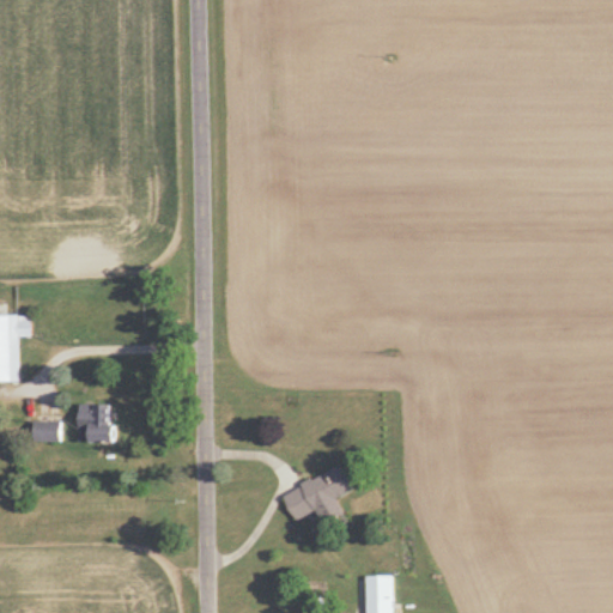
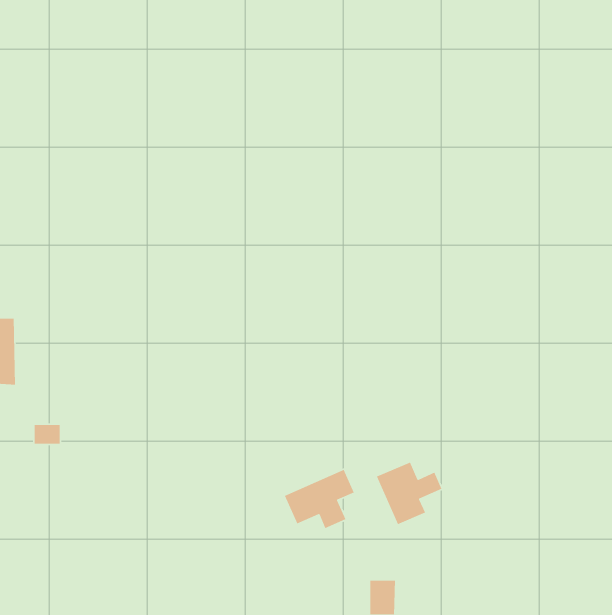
building: [79,405,115,444] -> none
building: none -> [376,461,443,525]

